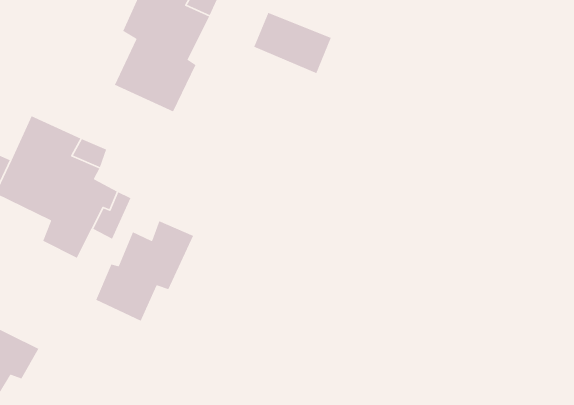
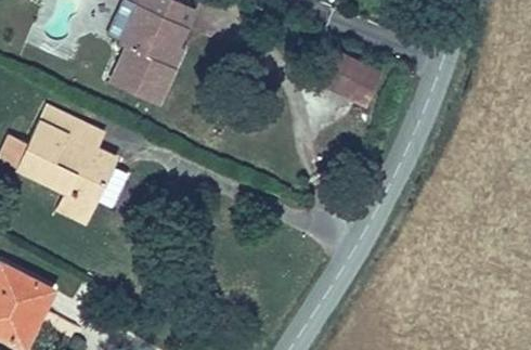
building: [253,12,332,74] -> [316,48,379,98]
building: [95,220,194,322] -> none

